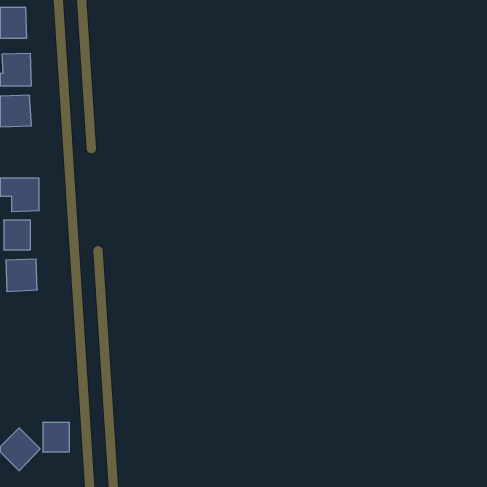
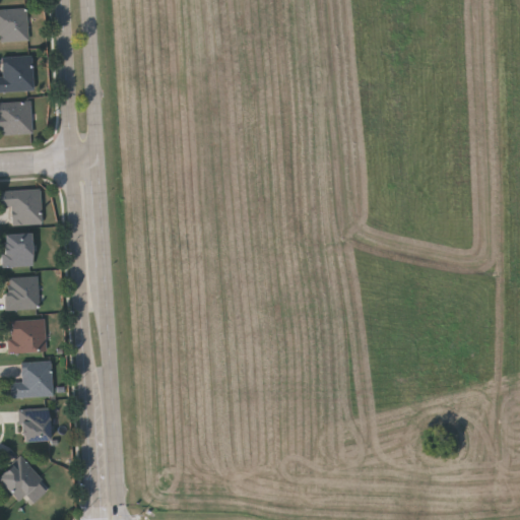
building: none -> [9,320,47,353]
building: none -> [11,362,53,397]
building: [43,422,69,452] -> [21,409,50,441]

